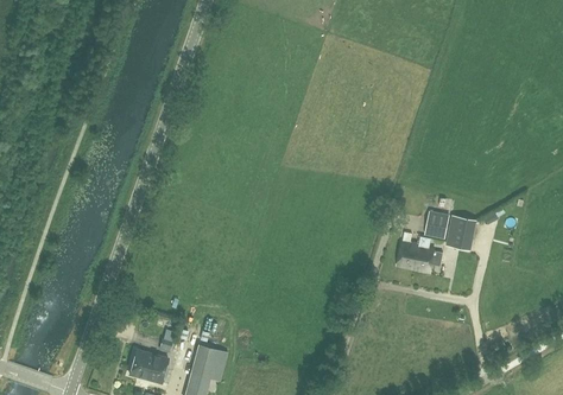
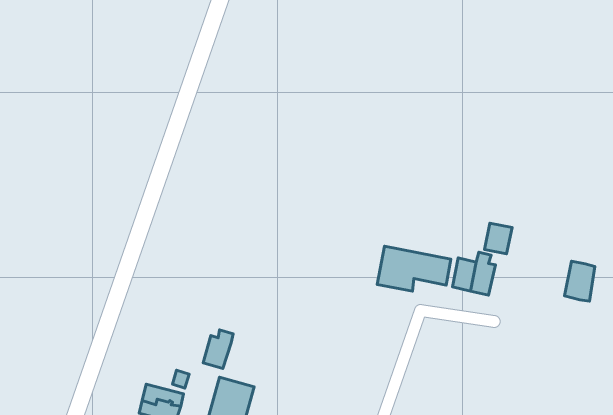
building: [448,215,474,249] -> [564,261,595,301]
building: none -> [377,246,451,291]
building: none -> [203,330,233,368]

